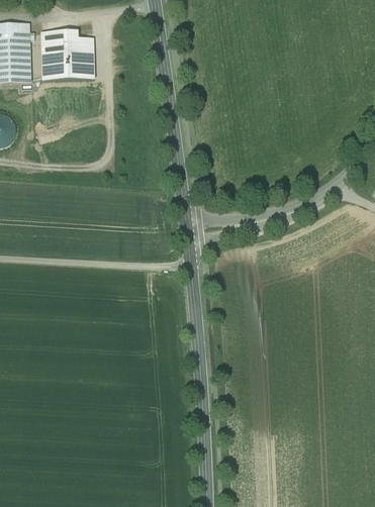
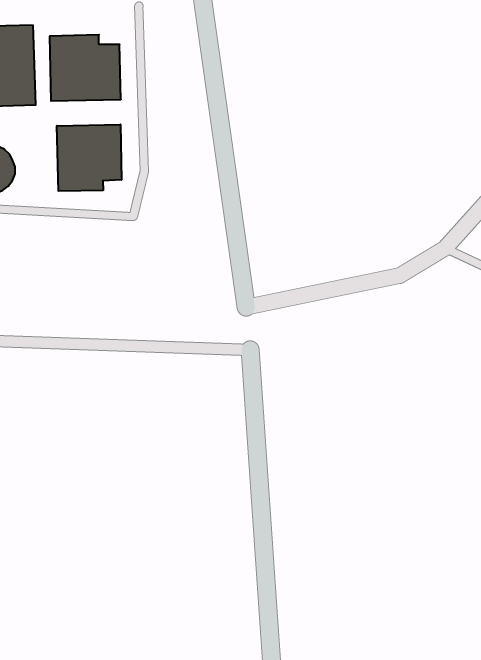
building: none -> [57,124,121,191]

